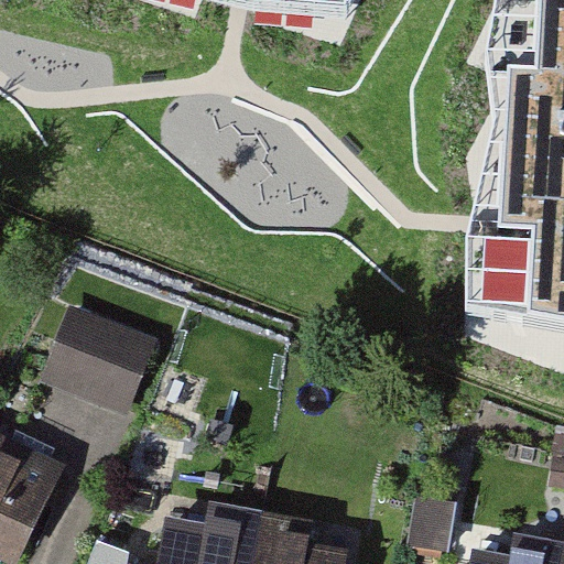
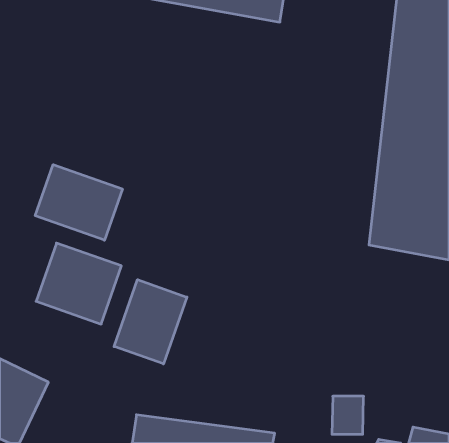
building: none -> [35,165,122,240]
building: none -> [114,280,187,364]

